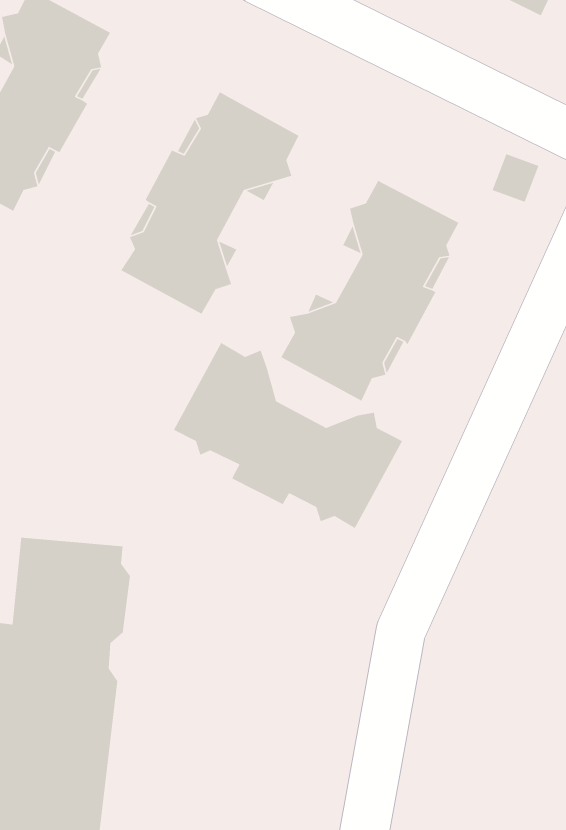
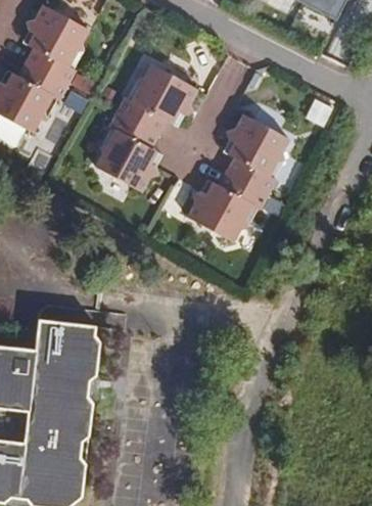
building: [173,342,403,529] -> none

